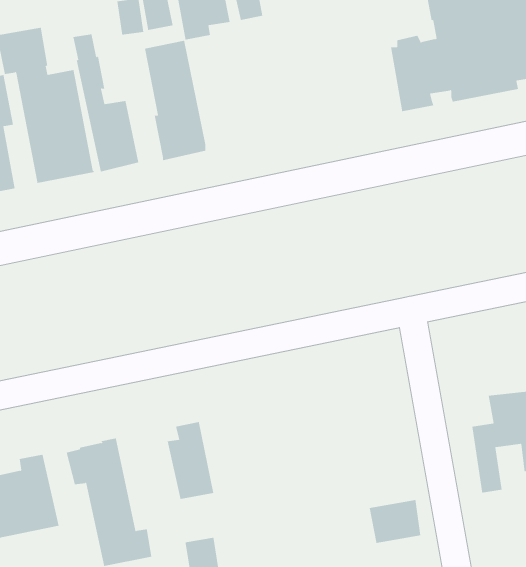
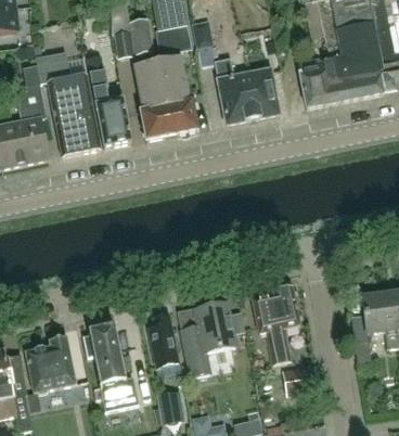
building: none -> [162,55,200,133]
building: none -> [215,56,279,123]
building: none -> [254,286,301,363]
building: none -> [182,302,235,374]

